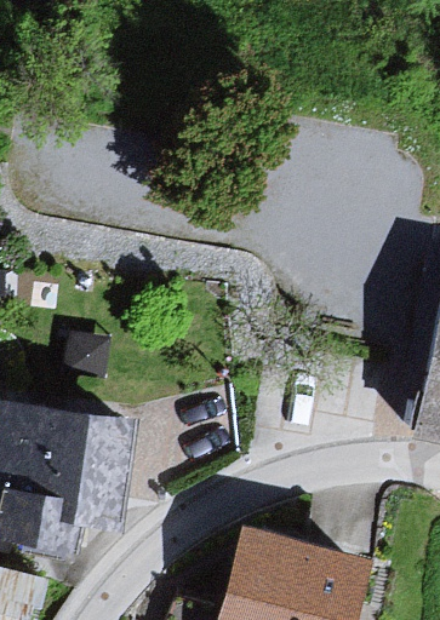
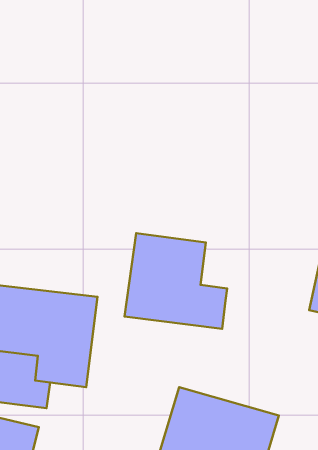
building: none -> [125,233,227,329]

